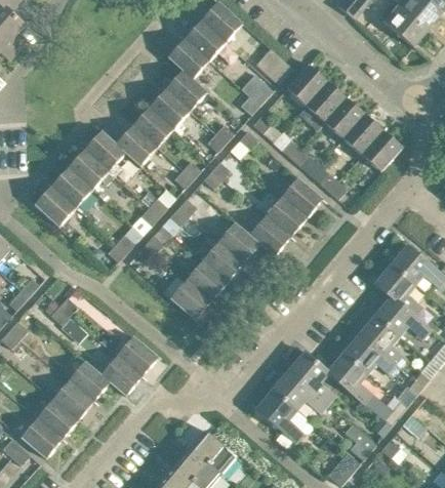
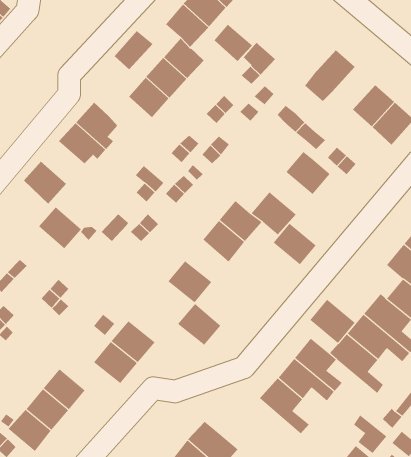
building: [256,48,293,84] -> [213,24,253,62]
building: none -> [114,30,153,70]
building: [288,65,328,105] -> none
building: [325,97,365,137] -> none
building: [116,125,156,166] -> none
building: [51,167,92,207] -> [38,207,82,249]
building: [266,196,307,236] -> [273,223,316,265]
building: [187,259,228,299] -> [177,303,221,346]
building: none -> [310,299,355,344]
building: [69,361,110,401] -> none

